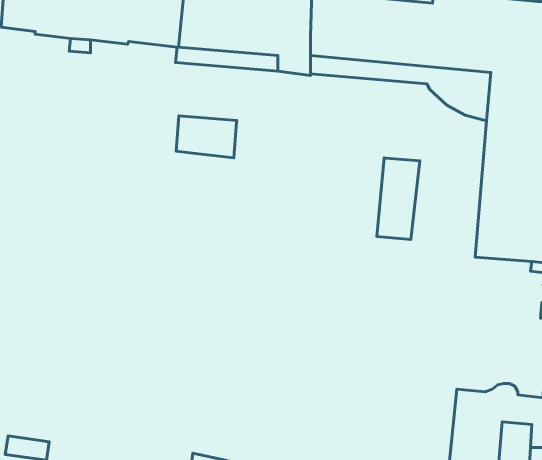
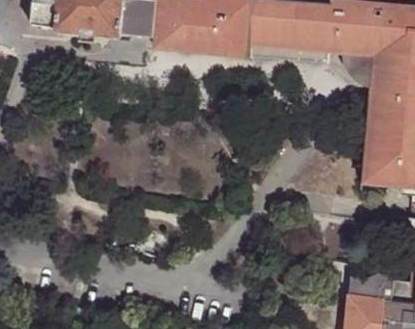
building: [176,116,237,158] -> none
building: [377,158,420,239] -> none

